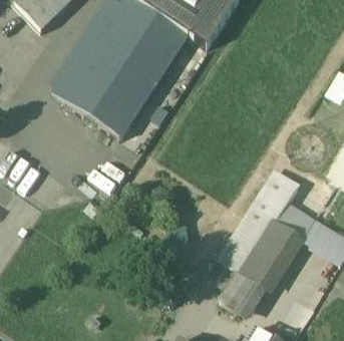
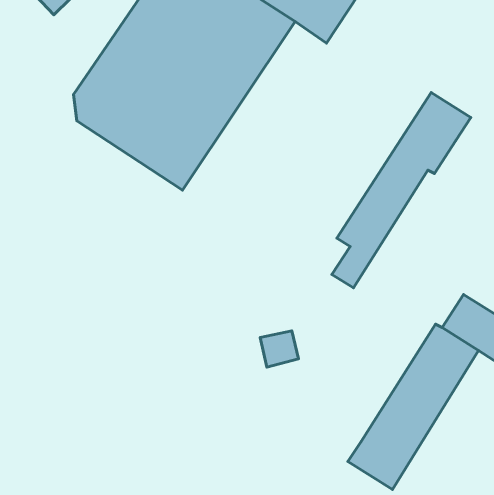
building: [215,172,299,290] -> [332,93,471,288]

